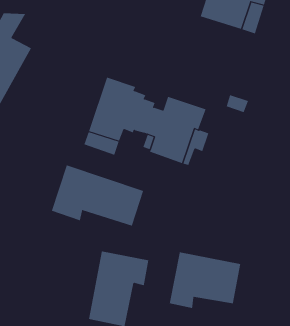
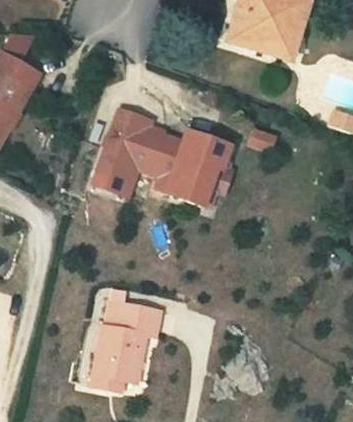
building: [51,165,144,226] -> none
building: [169,251,241,309] -> none

